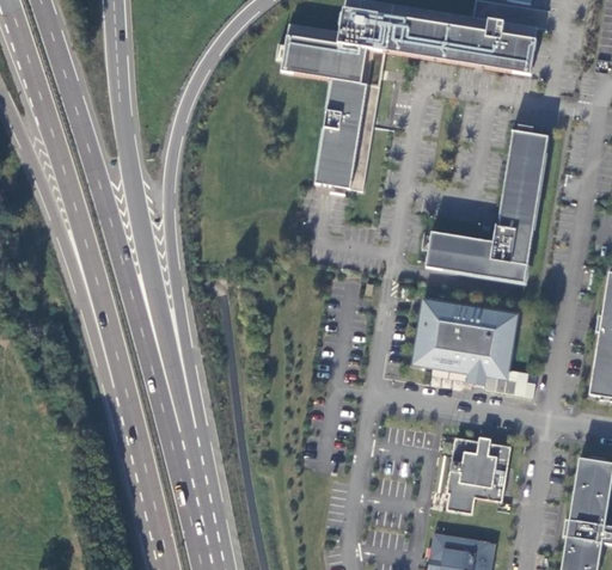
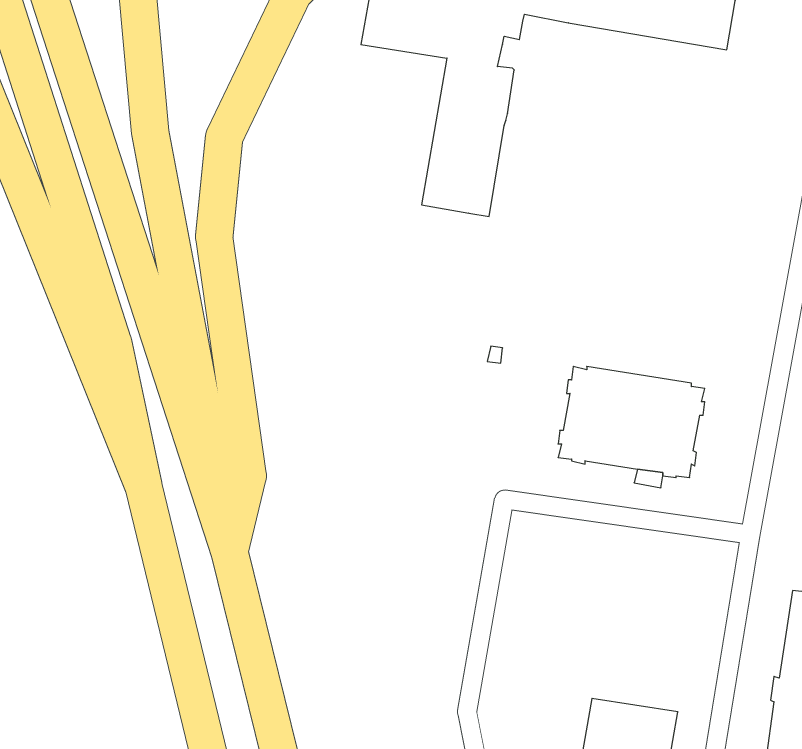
building: [427,130,550,282] -> none
building: [448,436,512,513] -> none

